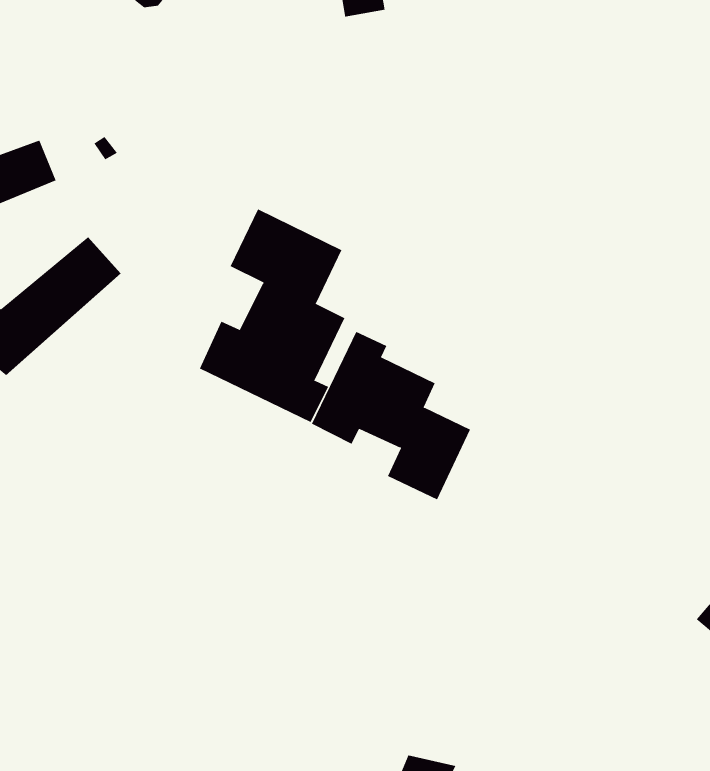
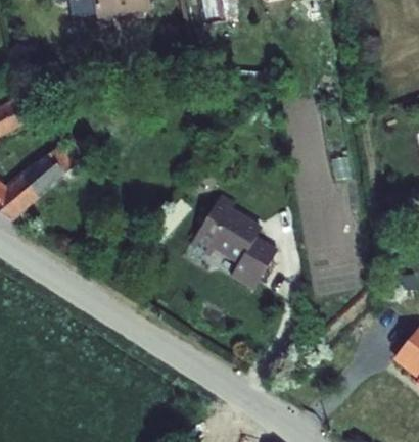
building: [199,209,345,423] -> none

